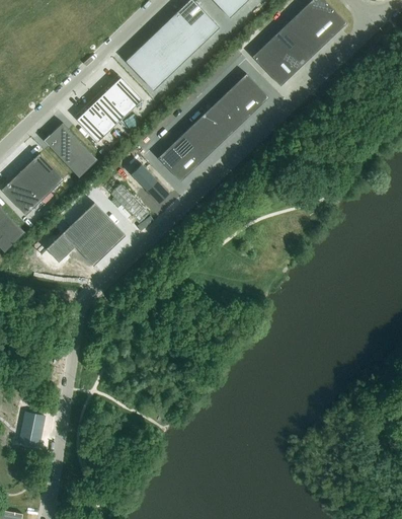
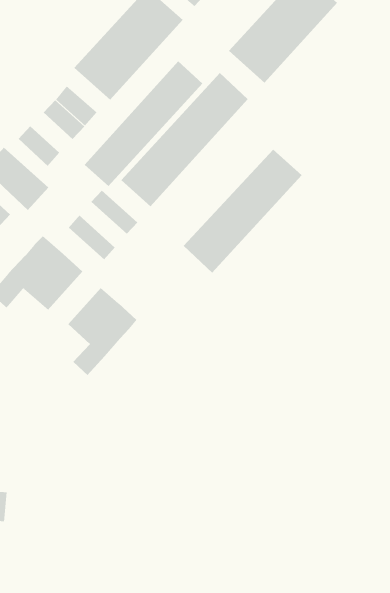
building: none -> [84,61,203,187]
building: [85,97,119,132] -> none
building: none -> [183,149,303,273]
building: none -> [68,287,137,376]

